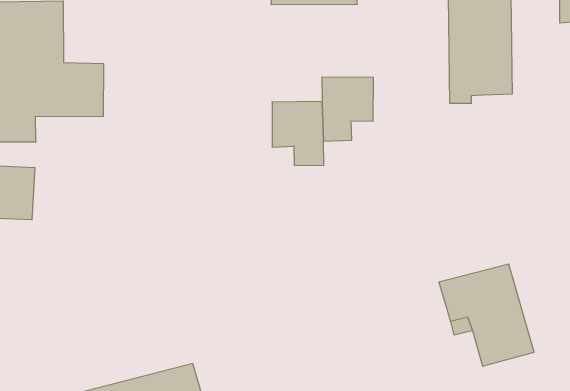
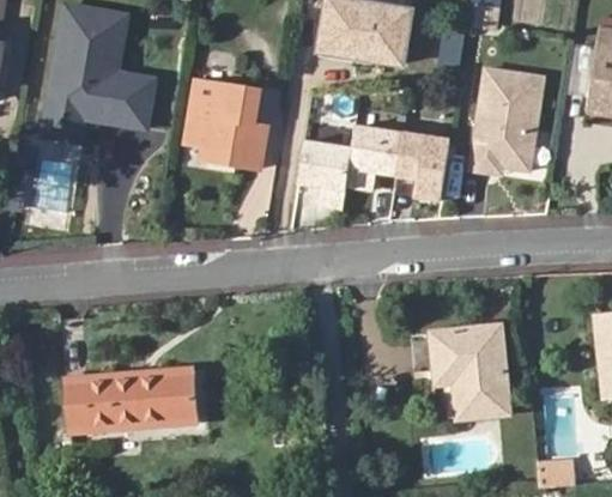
building: none -> [184,79,267,166]
building: none -> [396,133,450,200]

